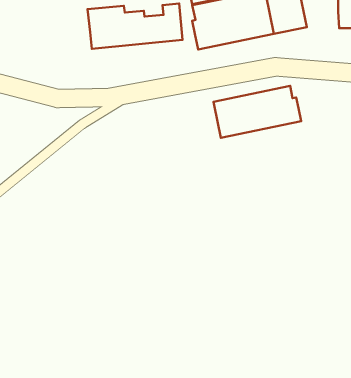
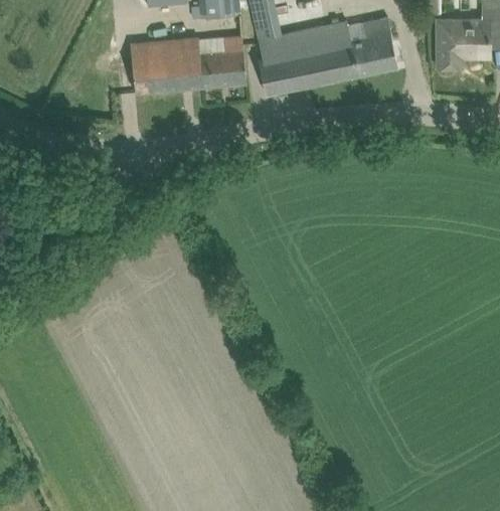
building: [213,86,301,138] -> none

